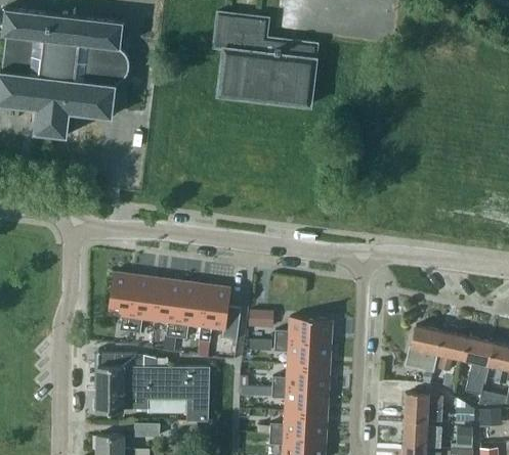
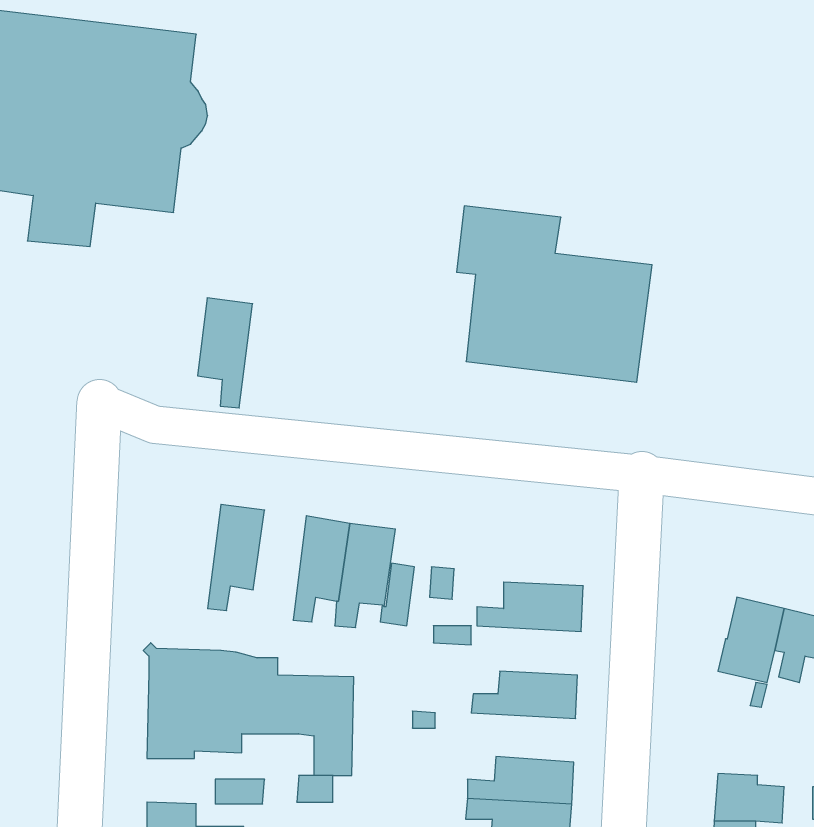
building: [212,12,317,107] -> [457,206,652,382]
building: [107,272,136,331] -> [198,298,253,408]
building: [154,278,182,337] -> none
building: [273,340,331,367] -> none
building: [271,388,328,414] -> none
building: [405,394,442,422] -> none

